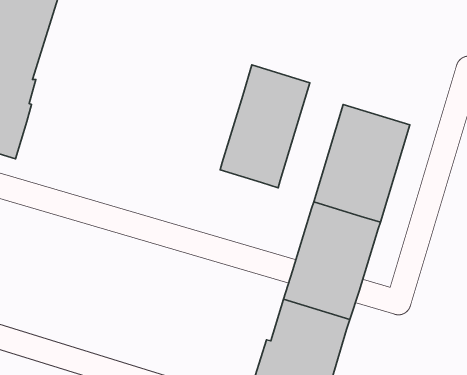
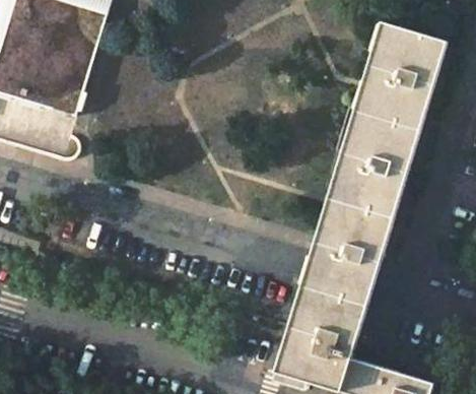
building: none -> [357,23,444,129]
building: [220,65,310,188] -> none

